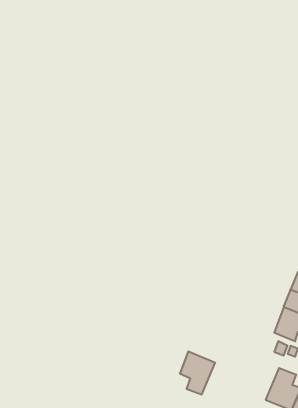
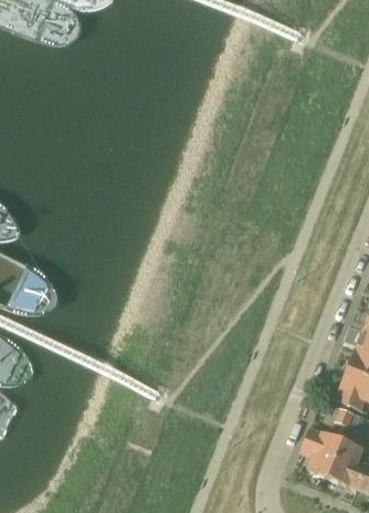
building: [180,351,215,395] -> [302,426,342,475]

